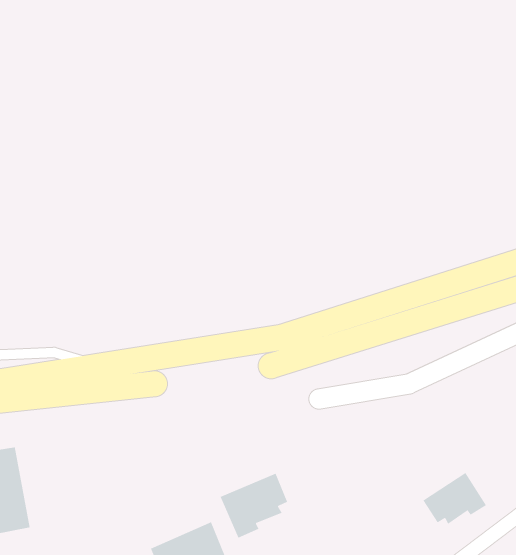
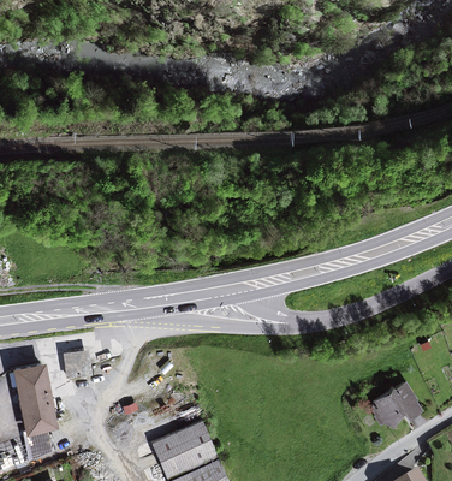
building: none -> [61,349,89,379]
building: [220,473,288,538] -> none

